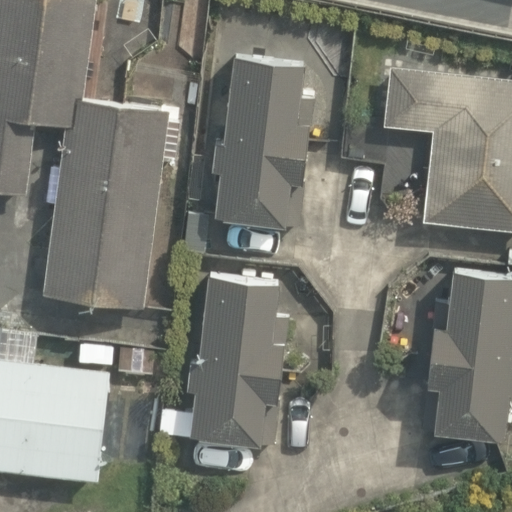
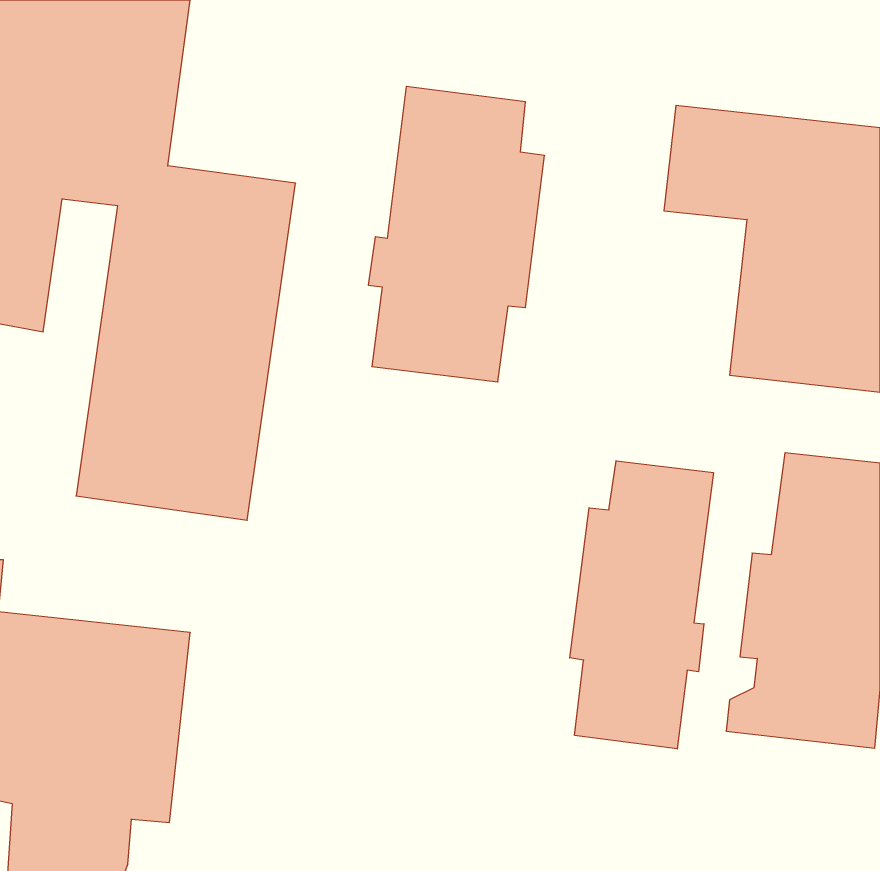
building: [188,273,289,446] -> none
building: none -> [570,461,713,749]

